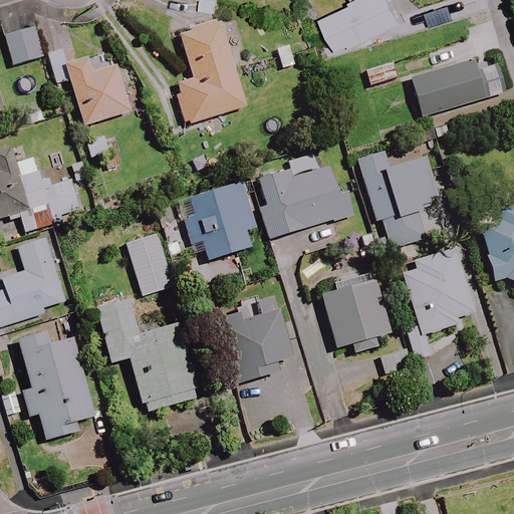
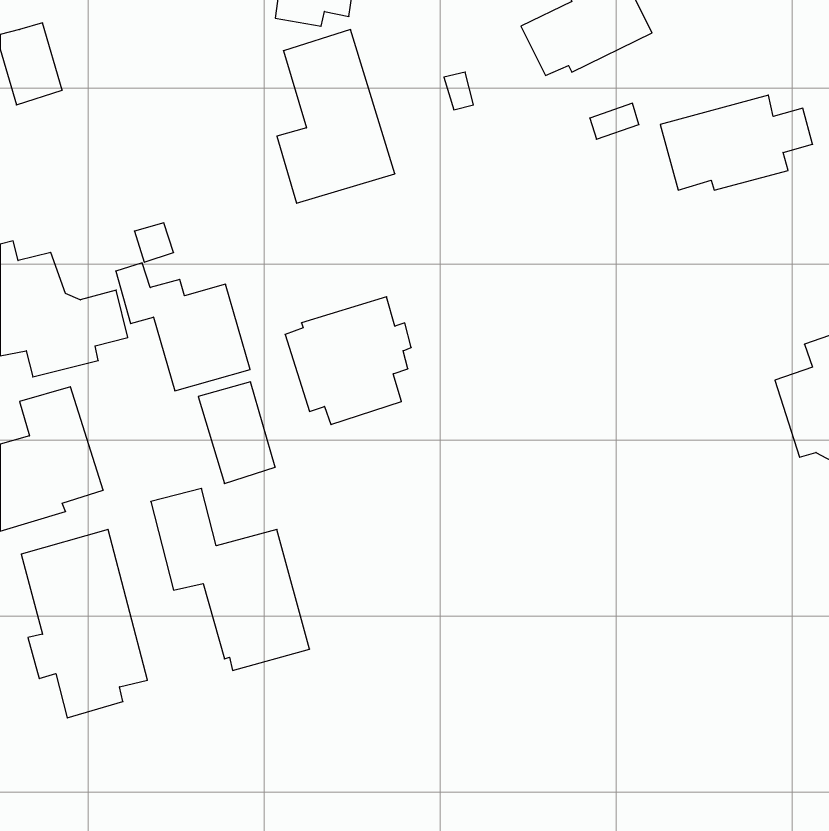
building: [48,47,131,125] -> [116,263,250,391]
building: [358,152,439,248] -> none
building: [258,156,351,237] -> none
building: [403,248,474,359] -> none
building: [321,271,391,346] -> none
building: [222,294,292,381] -> none

